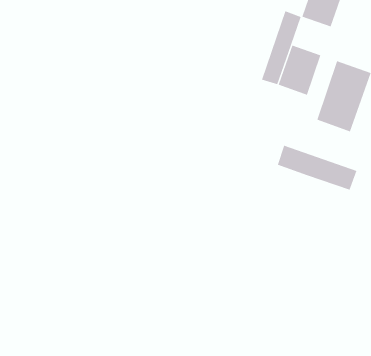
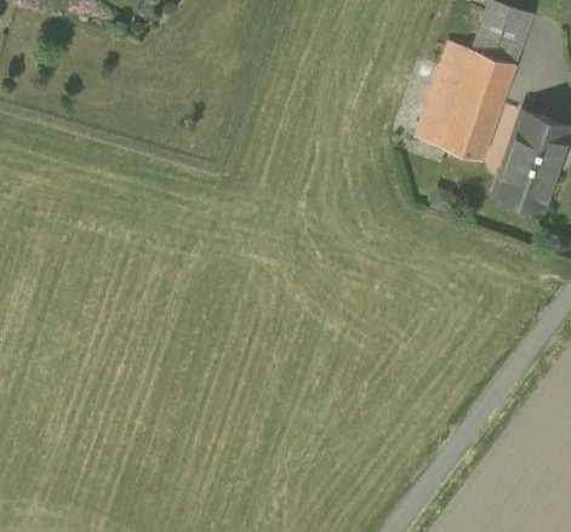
building: none -> [461,51,515,104]
building: [277,145,357,191] -> none

